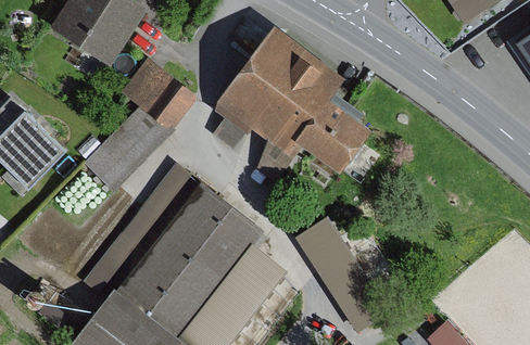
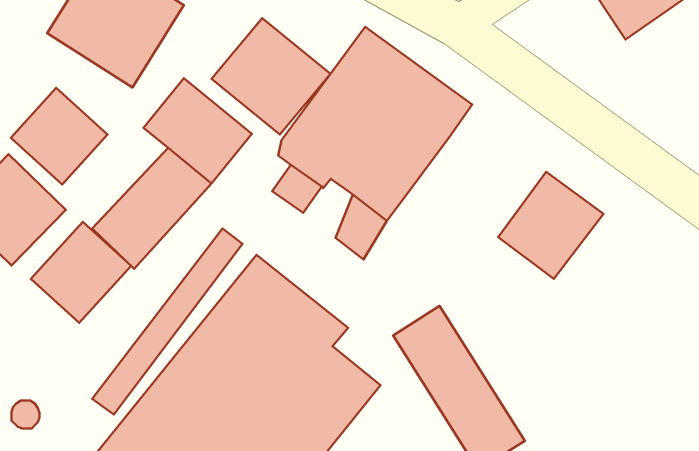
building: none -> [212,18,330,134]
building: none -> [11,88,108,185]
building: [302,97,376,171] -> [498,172,603,279]
building: none -> [31,222,131,323]

